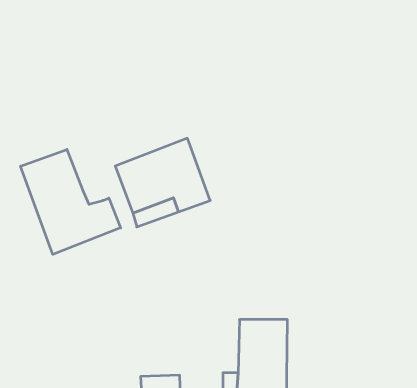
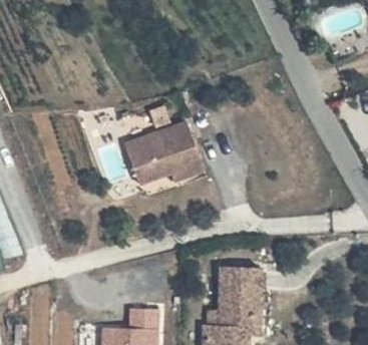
building: [21,149,121,254] -> none

